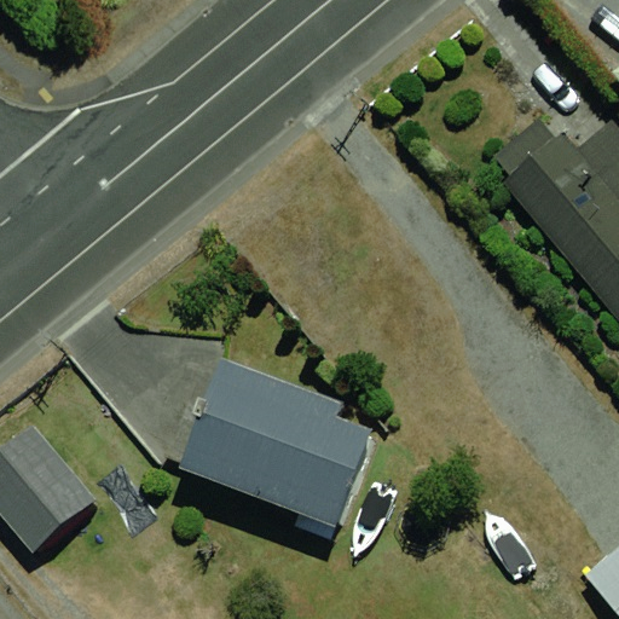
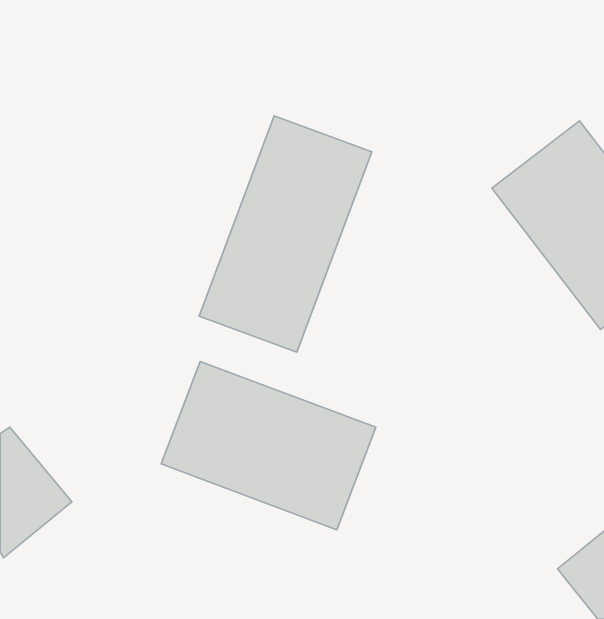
building: none -> [199,116,372,352]

